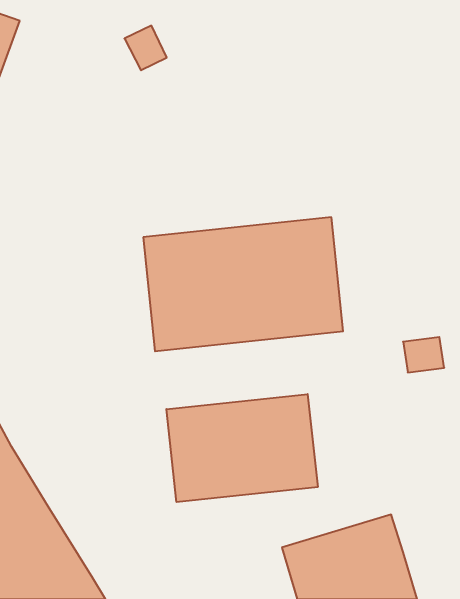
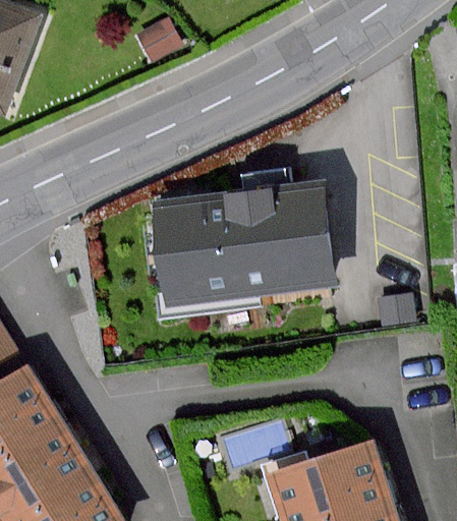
building: [166,394,318,502] -> none

